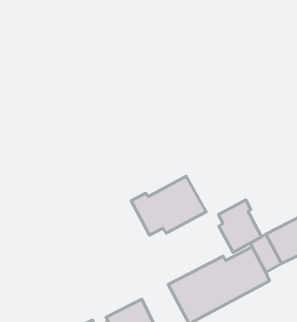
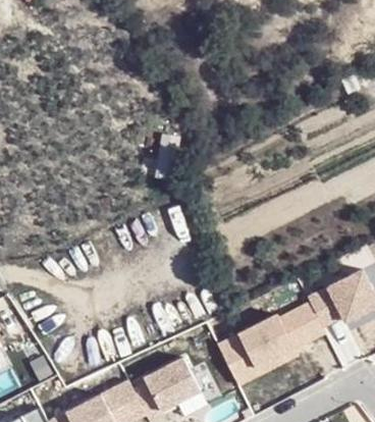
building: [131,176,206,235] -> none
building: [218,200,262,253] -> none

